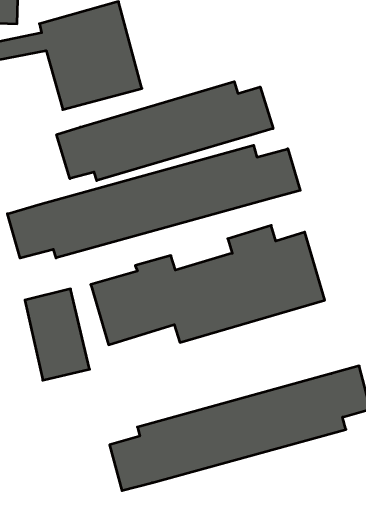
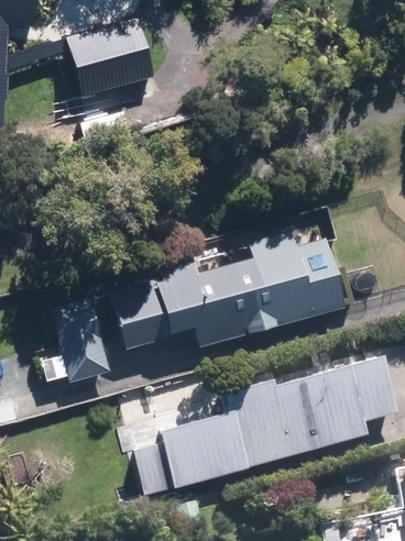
building: [57,82,273,181] -> none
building: [7,145,300,258] -> none

